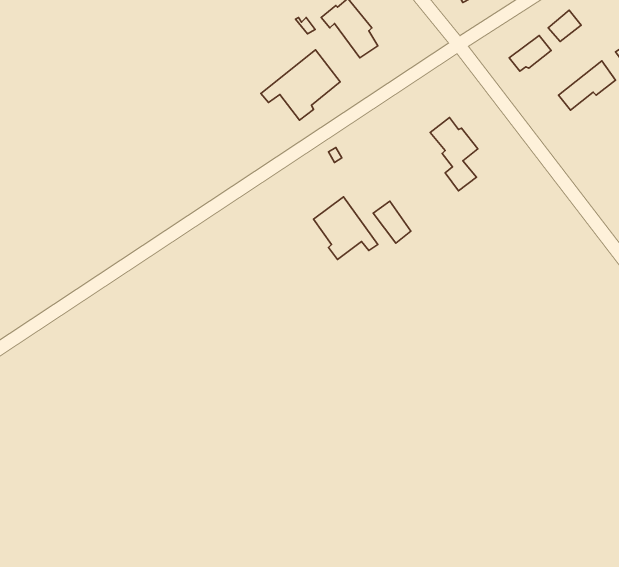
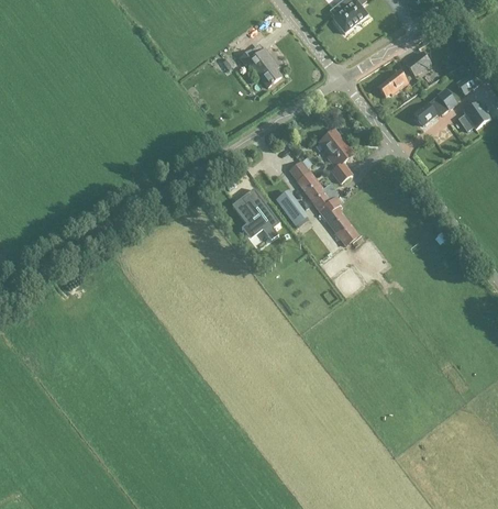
building: [261,50,340,120] -> none
building: none -> [287,159,357,244]

